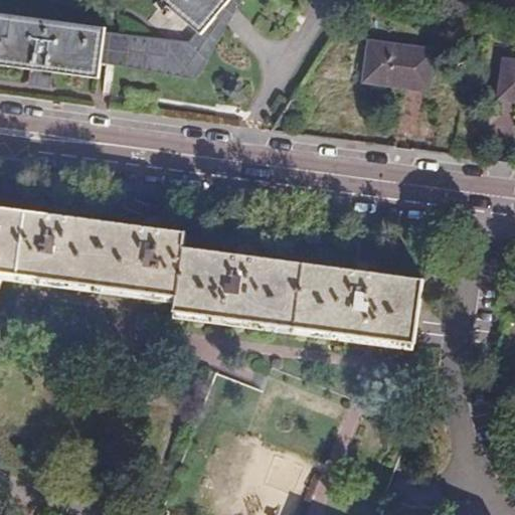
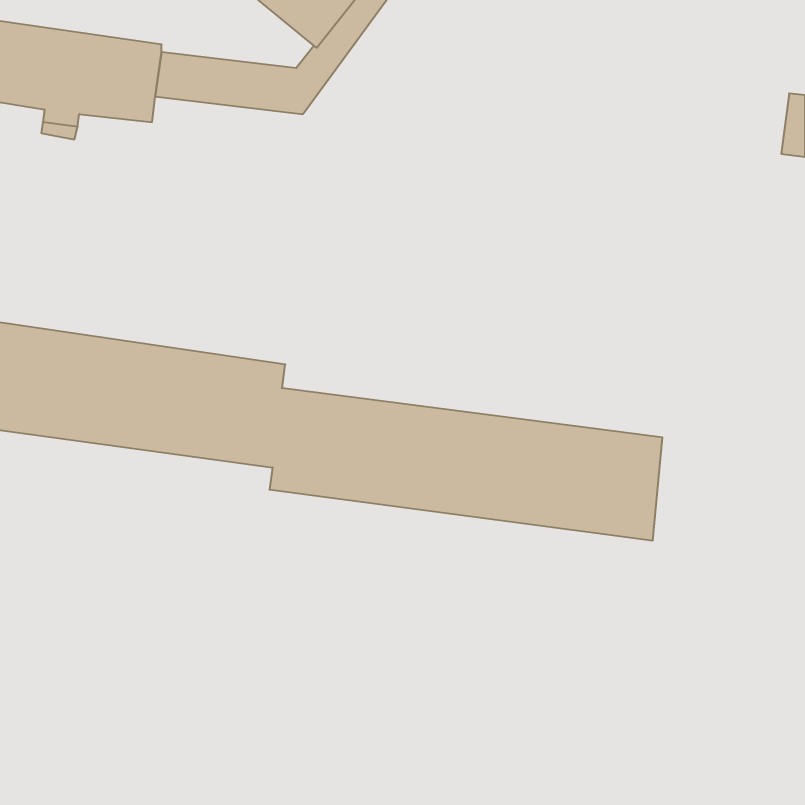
building: [362,42,430,89] -> none

